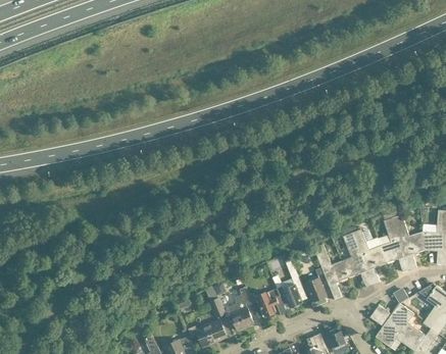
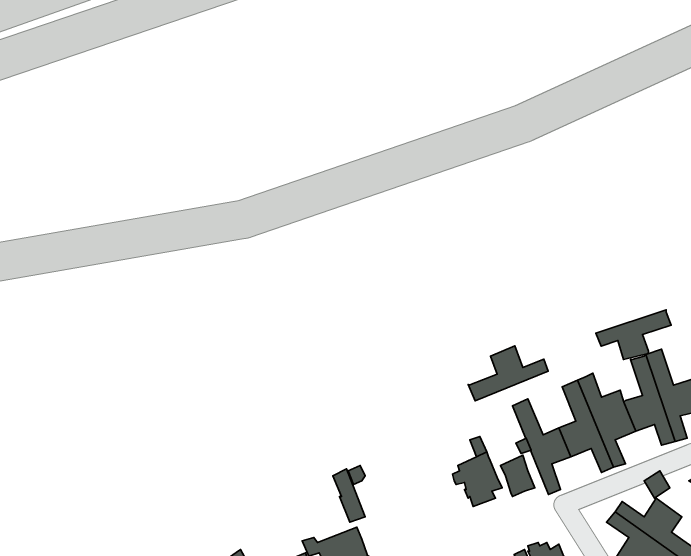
building: none -> [596,310,671,360]
building: none -> [468,346,548,401]
building: [228,287,254,331] -> none
building: [256,289,286,316] -> none

